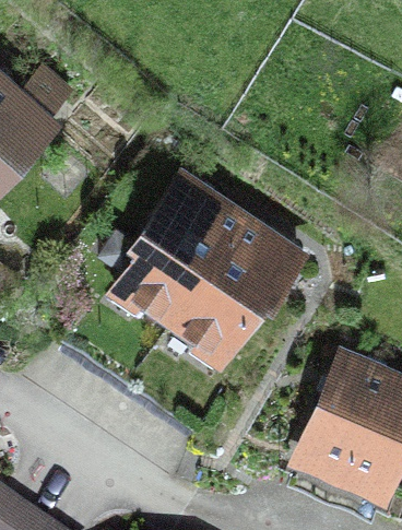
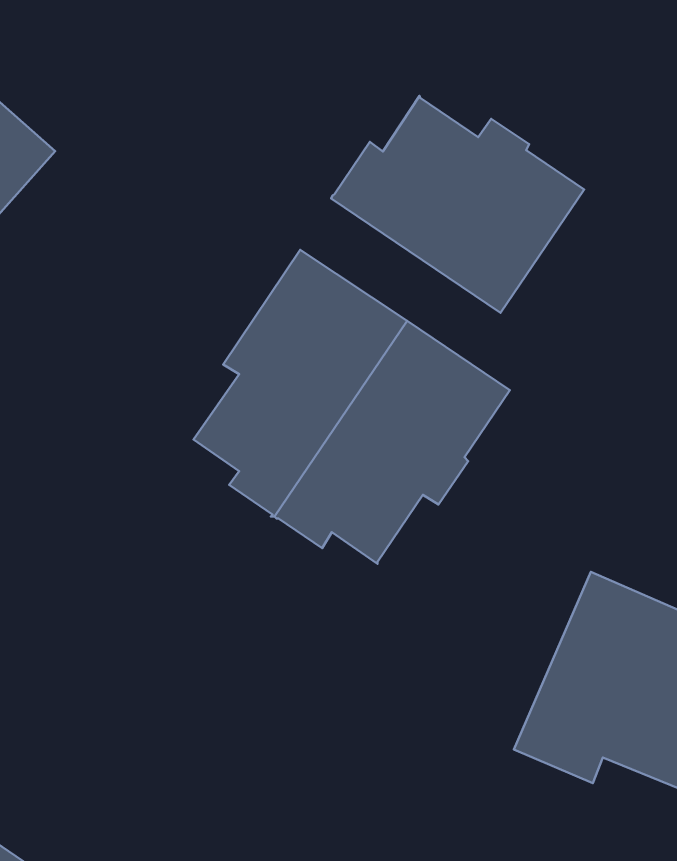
building: none -> [331,96,584,313]

